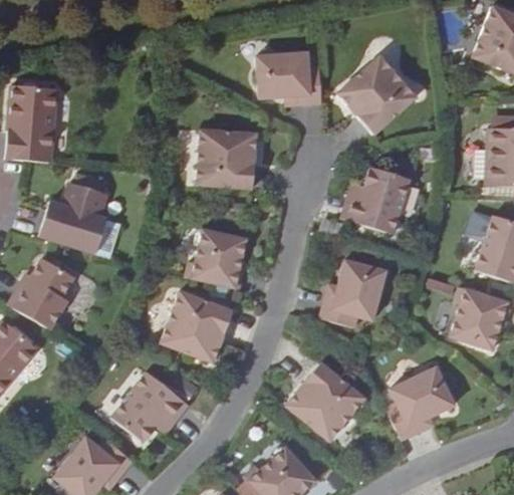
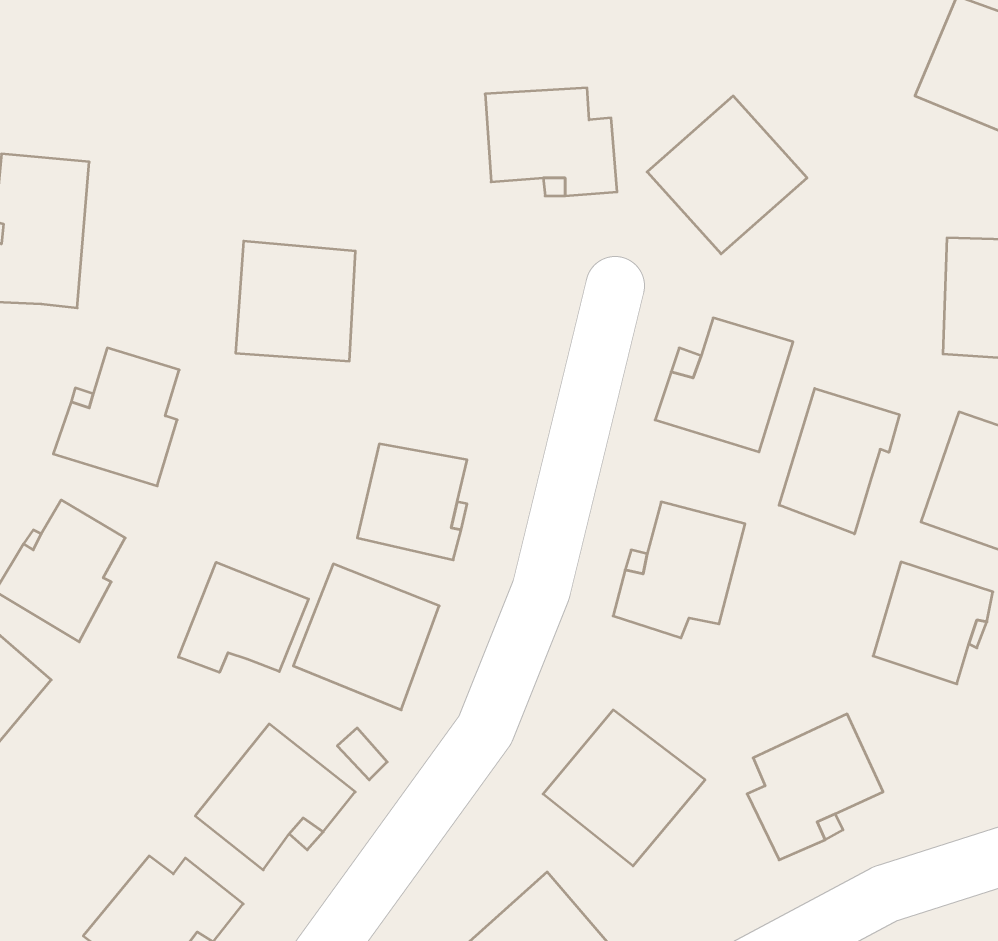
building: [195,129,255,189] -> [236,241,355,361]
building: none -> [779,388,899,534]
building: none -> [178,562,309,672]

